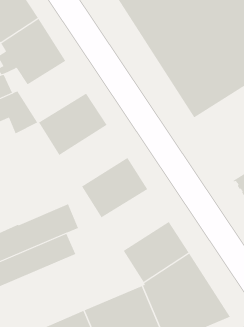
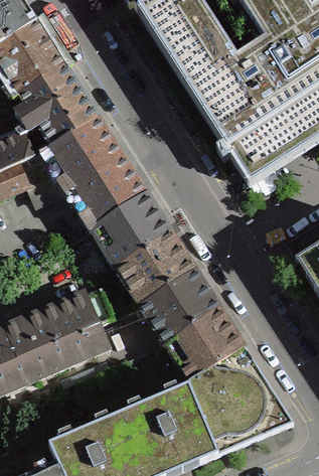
building: none -> [40,115,122,188]
building: none -> [92,191,171,265]
building: none -> [140,268,220,341]

